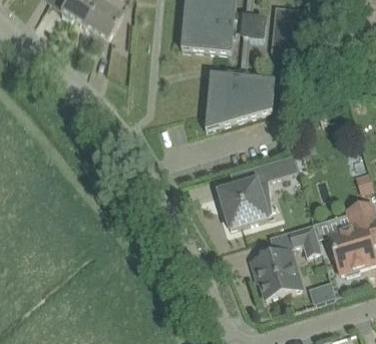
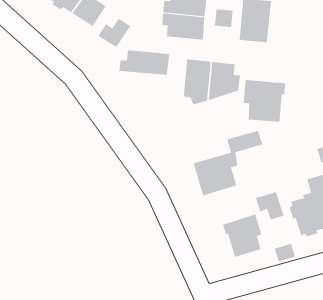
building: none -> [98,18,131,48]
building: none -> [119,49,170,76]
building: none -> [243,79,286,122]

